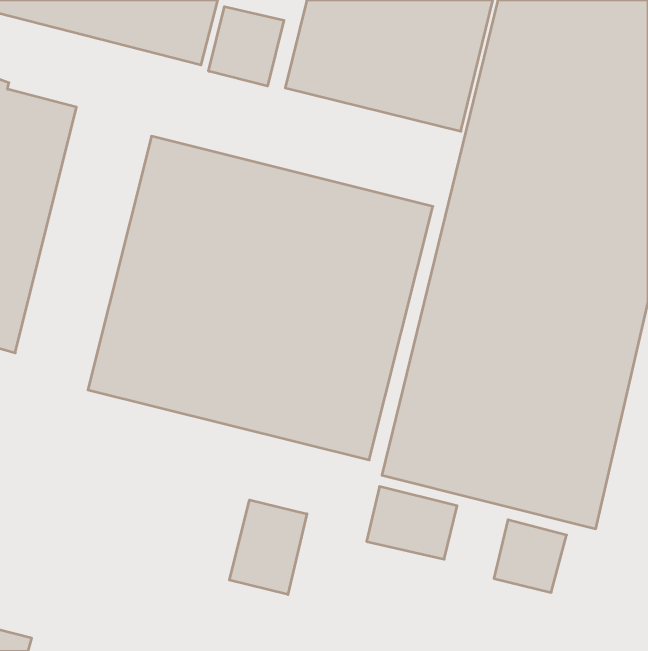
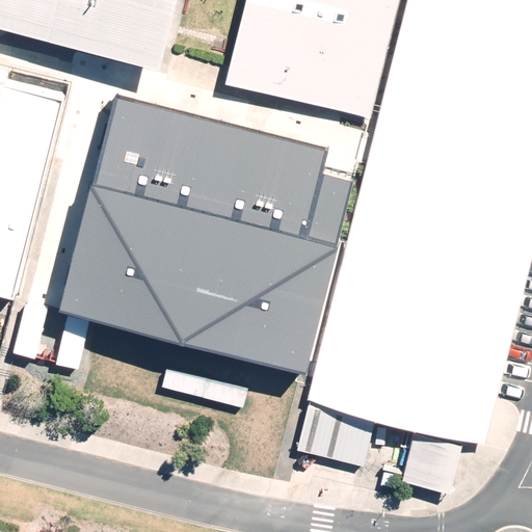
building: [209,7,284,86] -> none
building: [229,500,307,595] -> none

